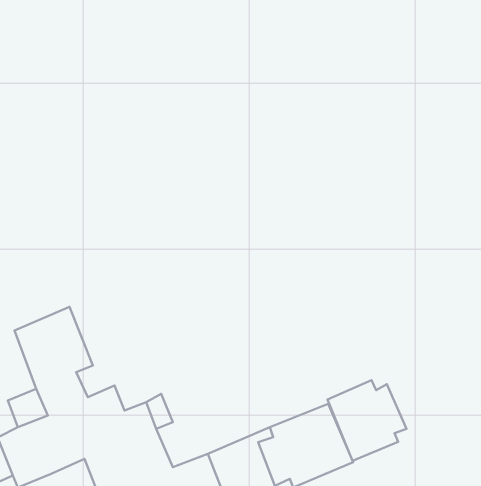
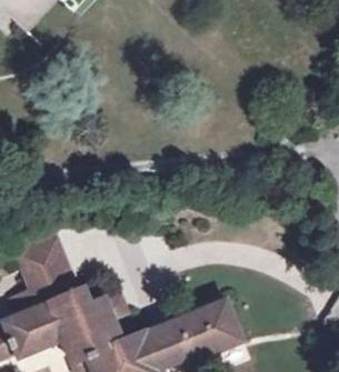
building: [327,380,406,461] -> none

